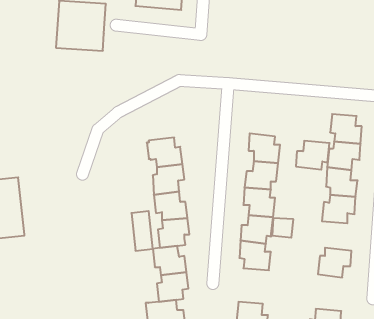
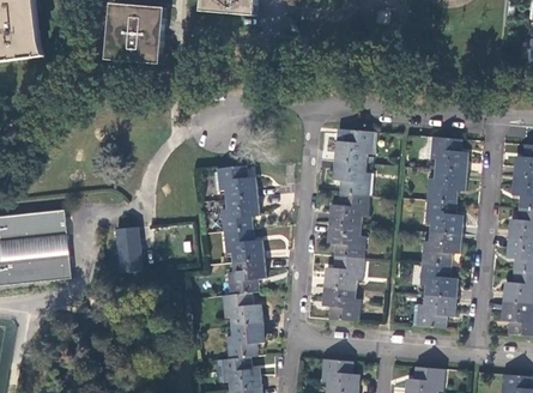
building: [296,141,330,170] -> [335,129,375,163]
building: [131,211,153,251] -> [117,226,143,273]
building: none -> [419,262,456,297]

